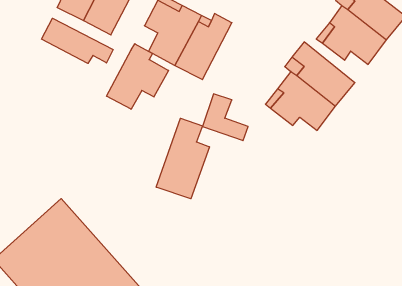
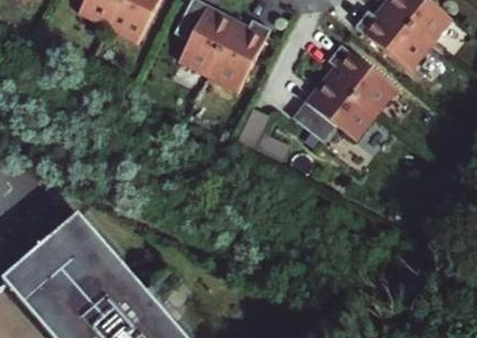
building: [42,18,113,63] -> none
building: [107,44,169,109] -> none
building: [156,118,209,199] -> none

